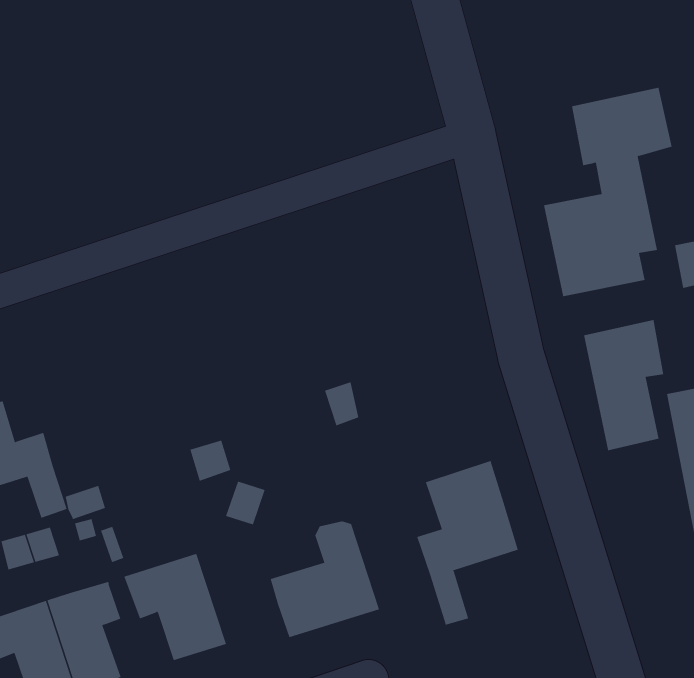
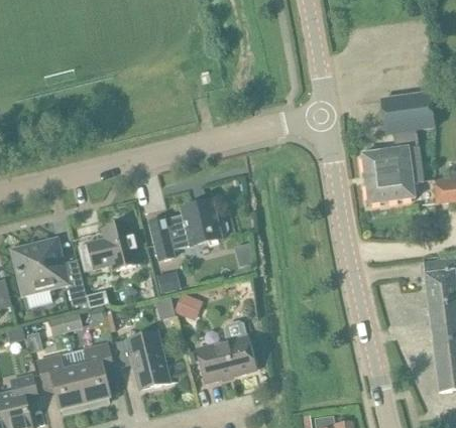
building: none -> [149,199,228,259]
building: [584,319,664,451] -> none
building: none -> [78,221,139,270]
building: [416,460,519,625] -> none

